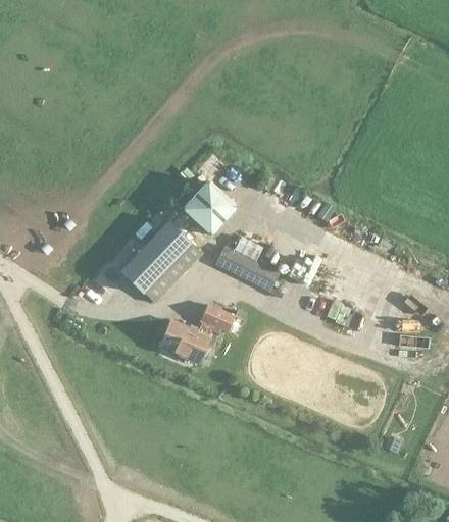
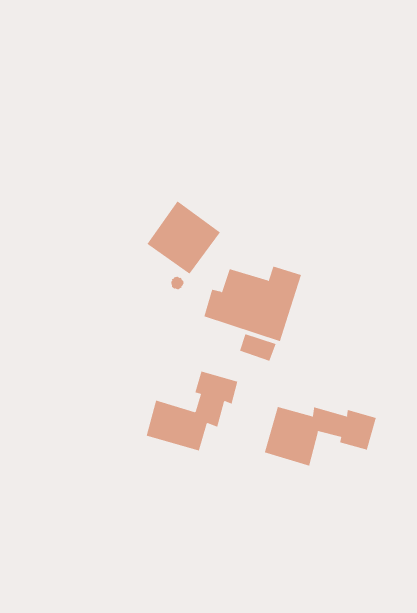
building: [117,221,199,303] -> none
building: none -> [264,406,376,466]

